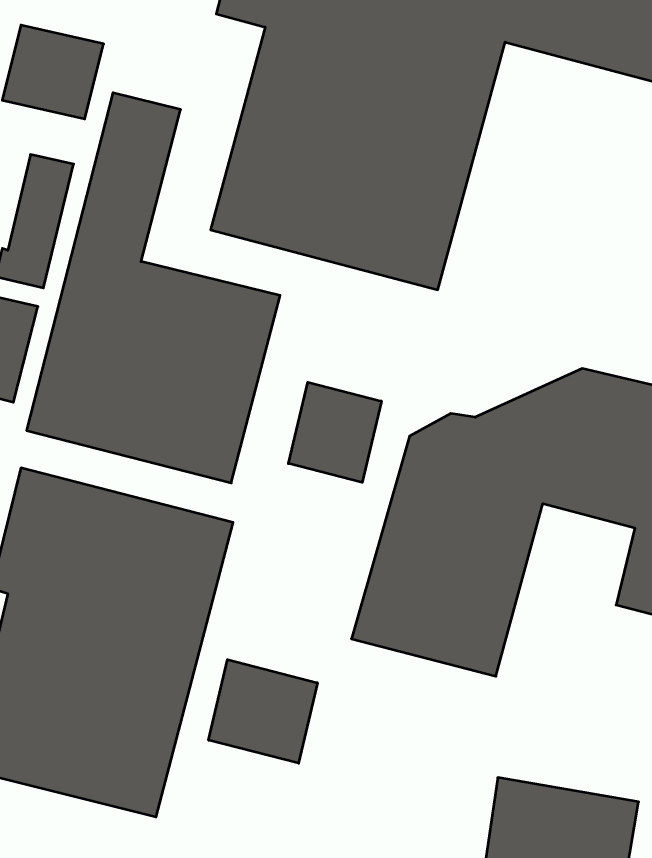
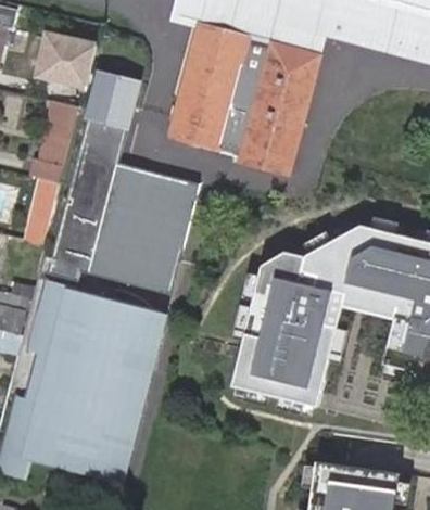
building: [288,382,381,482] -> none
building: [209,660,317,763] -> none

